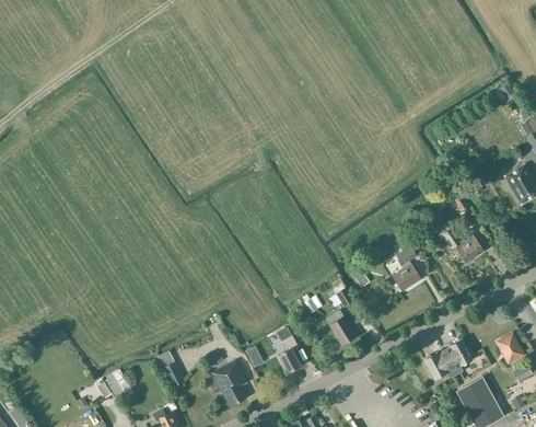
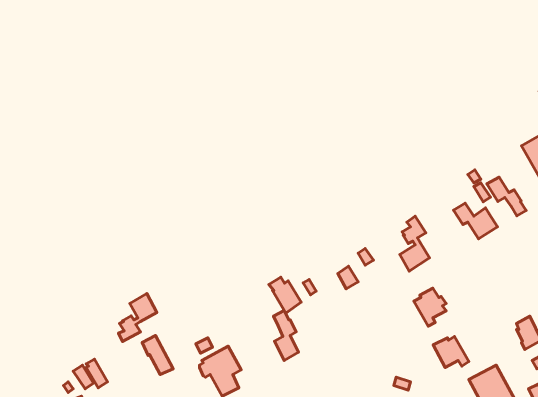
building: none -> [487,177,526,216]
building: none -> [119,293,157,342]
building: [327,313,357,346] -> [269,277,301,313]
building: [444,339,474,374] -> [414,288,446,326]

